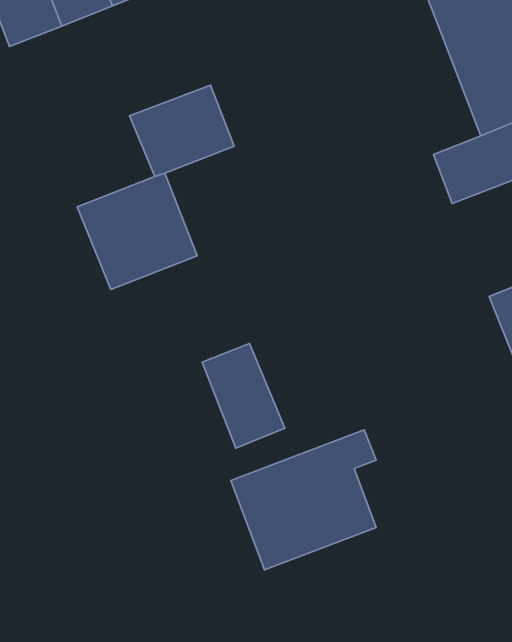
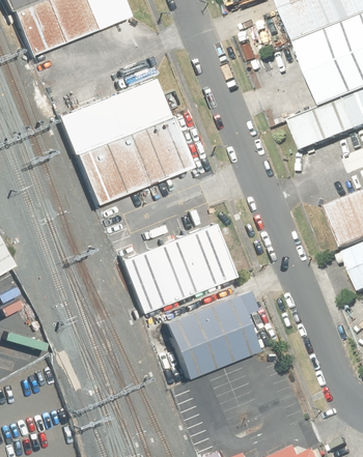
building: none -> [59,96,121,152]
building: none -> [128,115,190,182]
building: none -> [179,223,233,288]
building: none -> [121,248,171,312]

